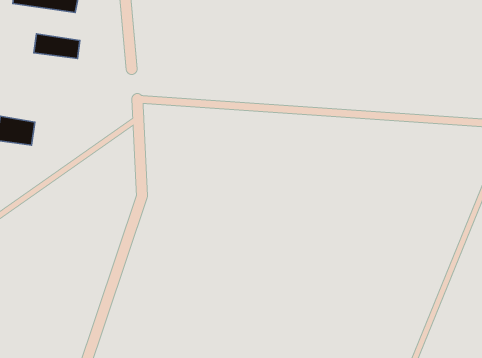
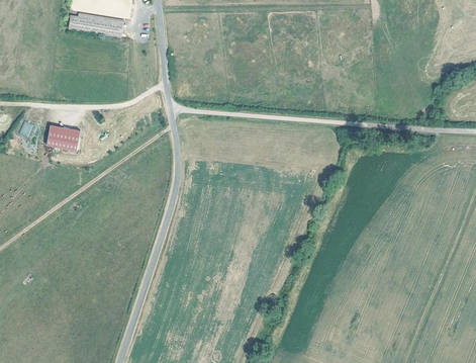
building: [34,34,80,59] -> none

